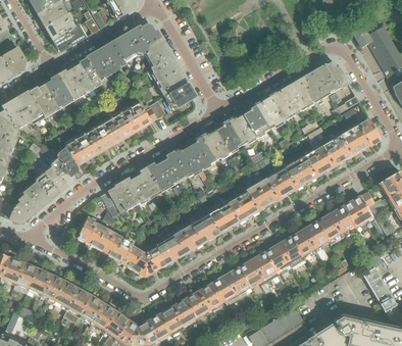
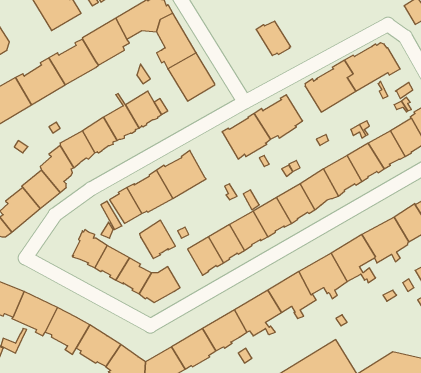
building: [254,98,283,127] -> [256,21,291,56]
building: [174,136,214,174] -> none
building: [155,233,185,264] -> [140,220,175,259]

